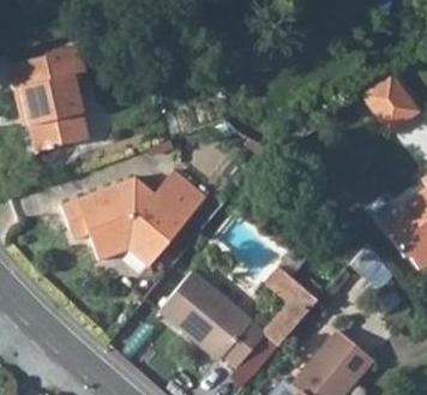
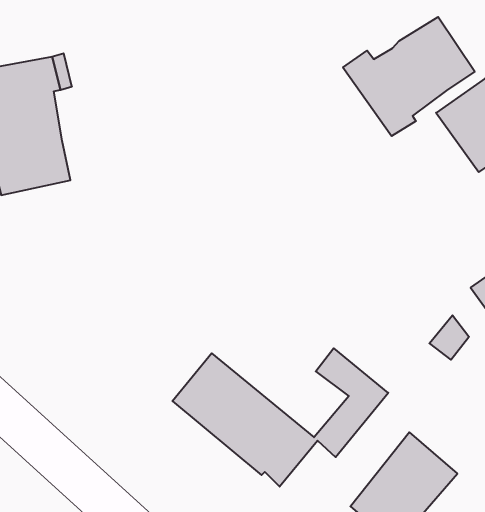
building: none -> [343,17,475,136]
building: [60,176,209,270] -> none

